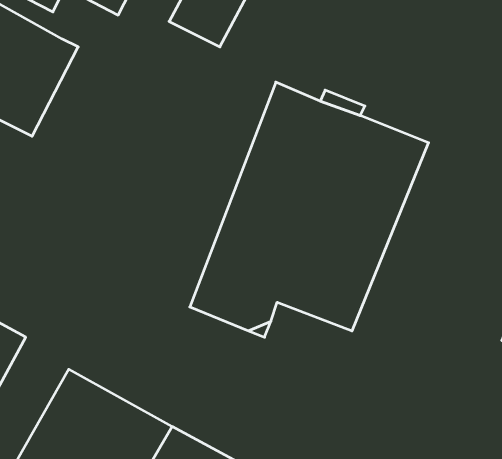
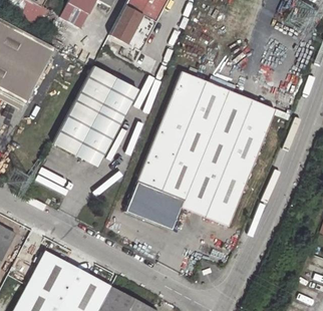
building: none -> [53,68,137,167]

